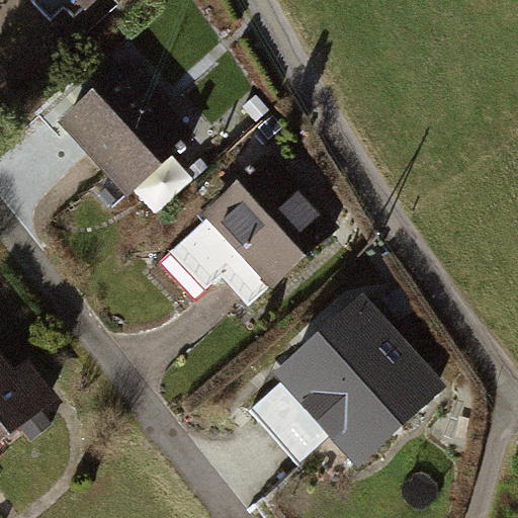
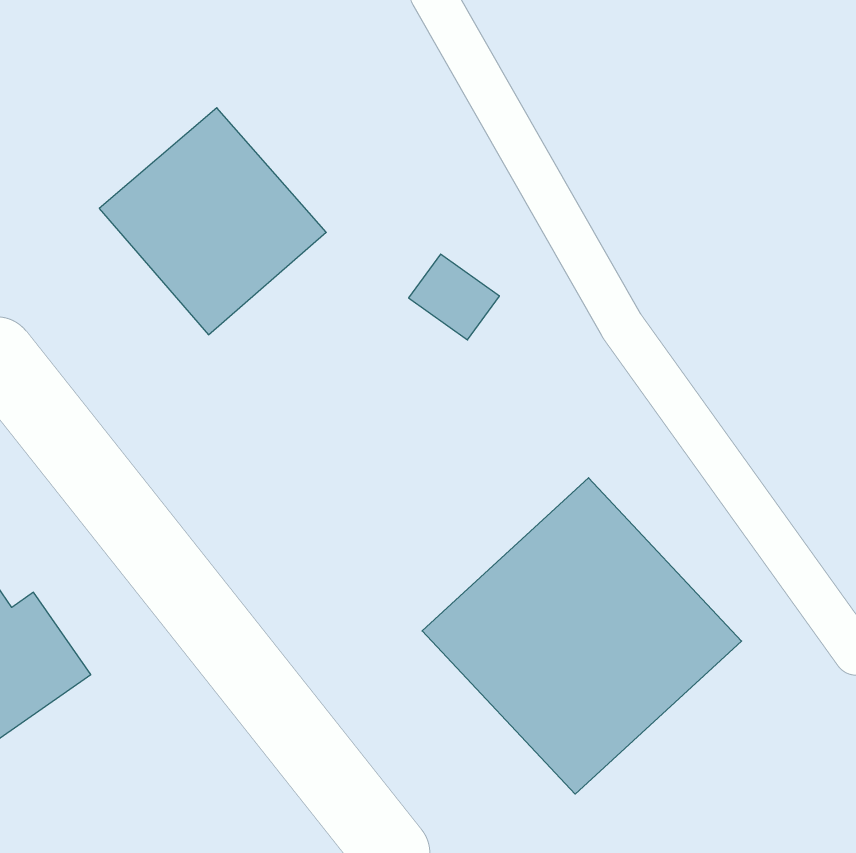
building: [159,188,303,308] -> none

